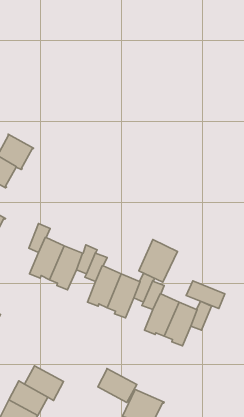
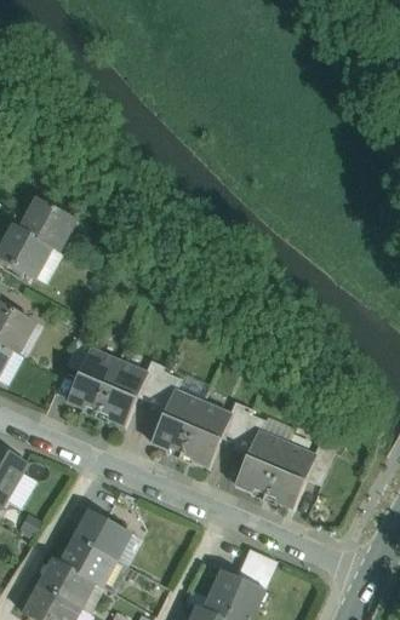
building: [139,239,177,282] -> none
building: [186,281,225,308] -> none
building: [98,369,137,403] -> [75,510,132,559]

